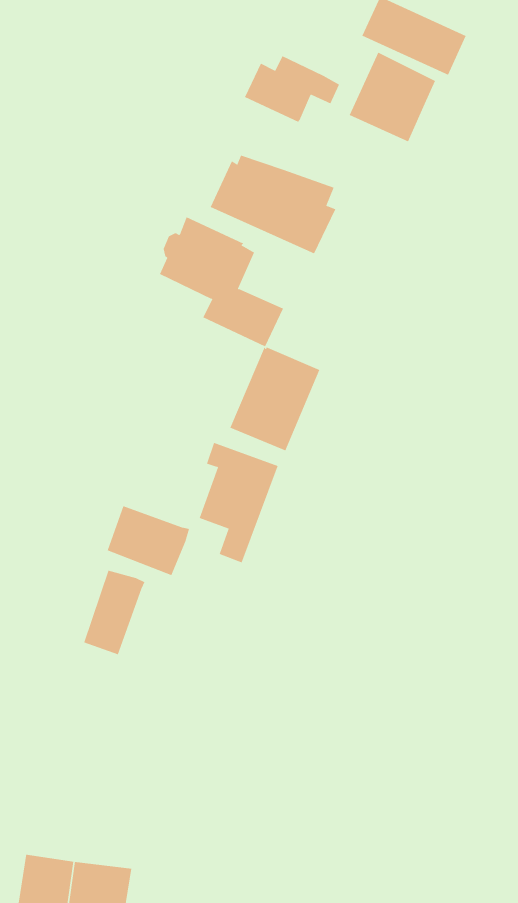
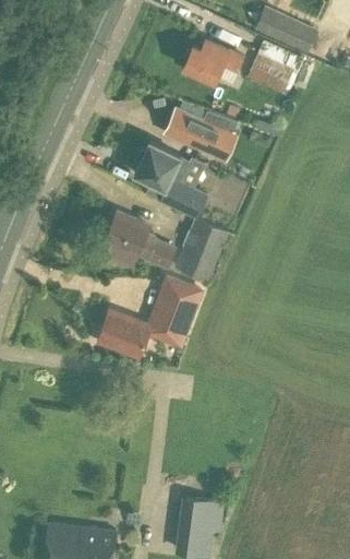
building: none -> [102,213,174,266]
building: [83,570,145,655] -> none
building: none -> [183,488,224,548]

